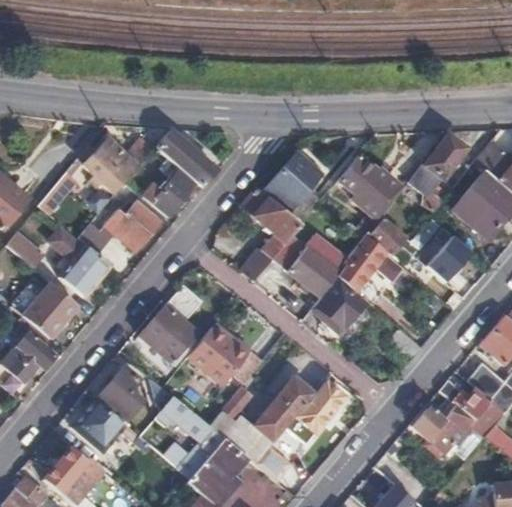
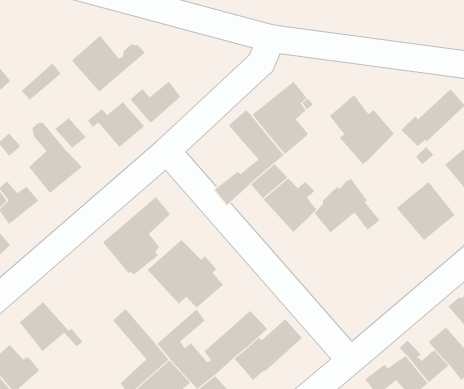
building: [157,131,214,184] -> none
building: [367,216,405,255] -> none
building: [313,275,362,332] -> none
building: [99,366,141,419] -> none

